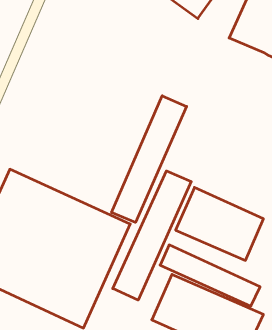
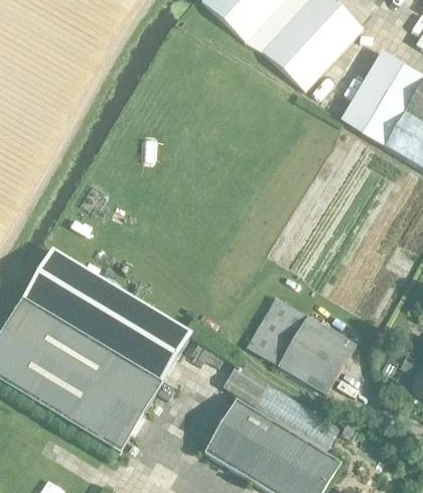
building: [112,96,187,222] -> none
building: [113,171,191,300] -> none

